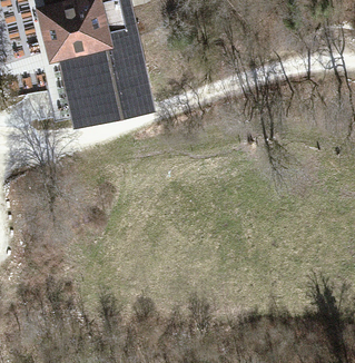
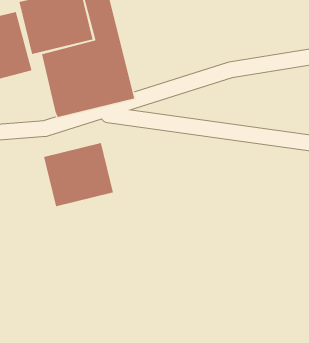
building: none -> [43,142,114,207]

